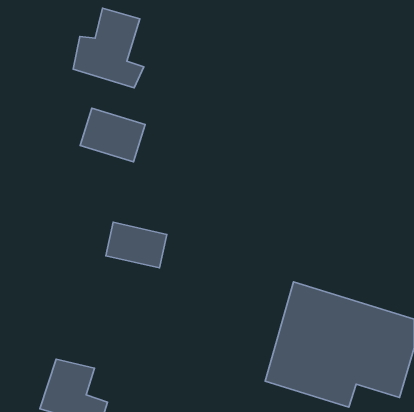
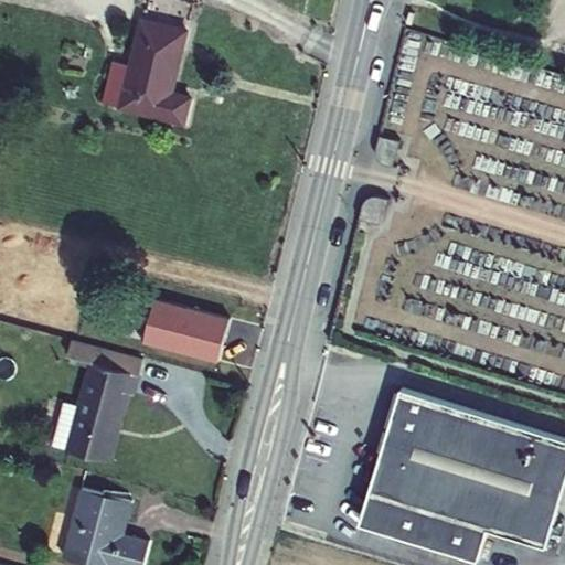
building: [80,108,145,162] -> none
building: none -> [67,344,148,465]

